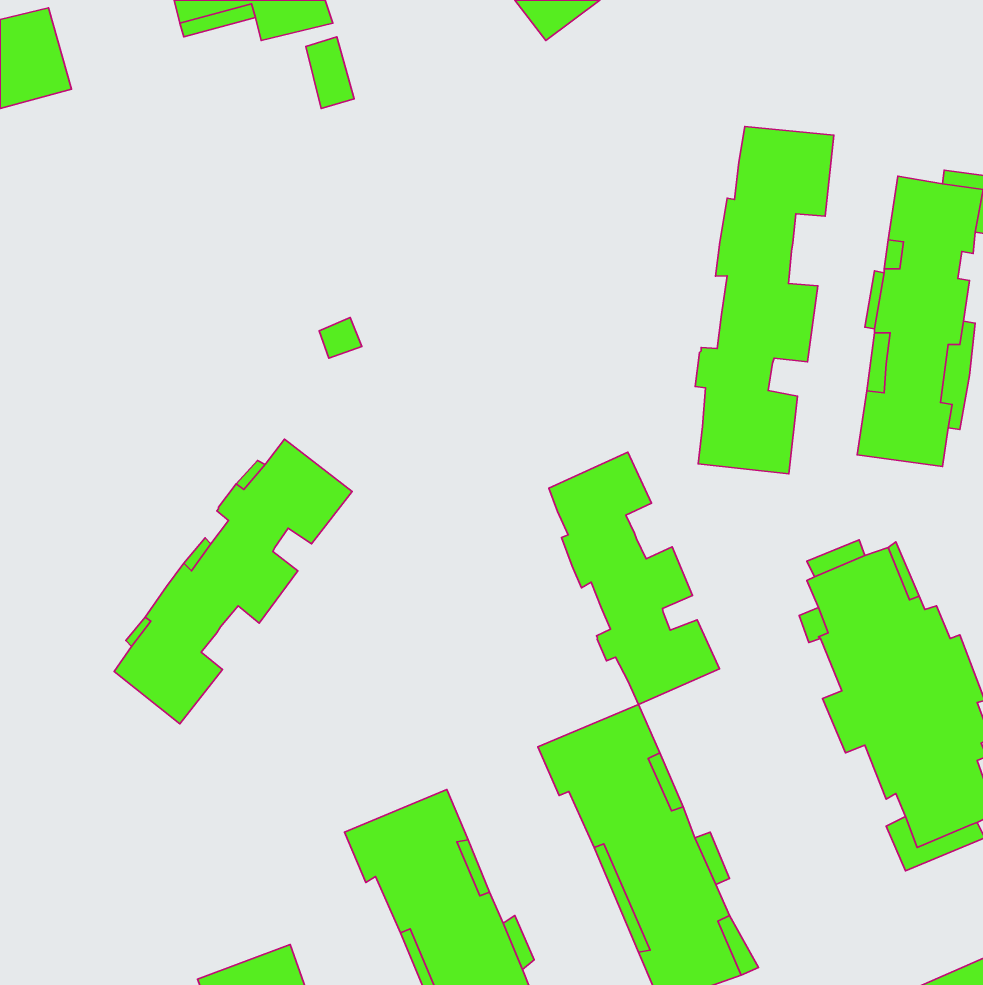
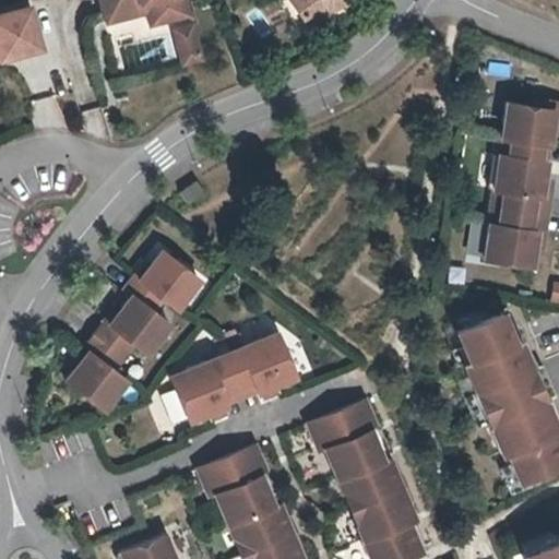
building: [695,127,834,474] -> none
building: [549,452,719,704] -> none
building: none -> [166,332,299,429]

